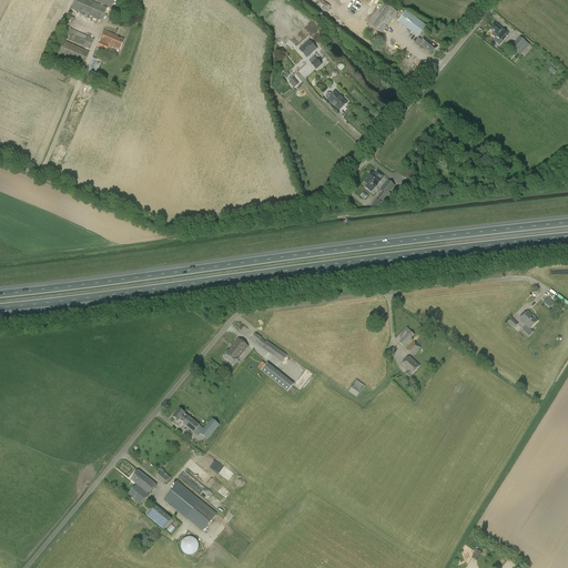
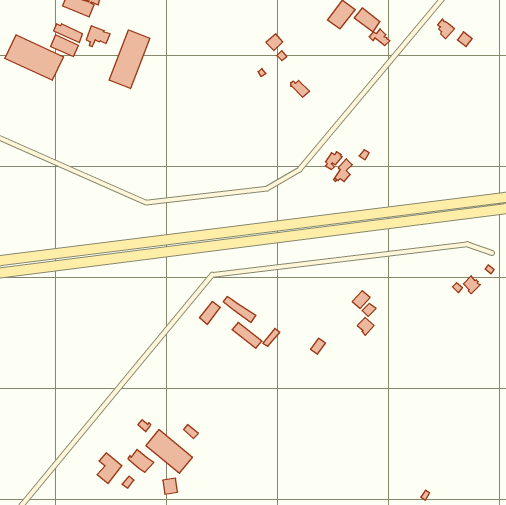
building: none -> [109,30,150,89]
building: none -> [5,35,63,80]
building: [172,407,219,436] -> none
building: [128,468,155,503] -> [97,453,122,484]

